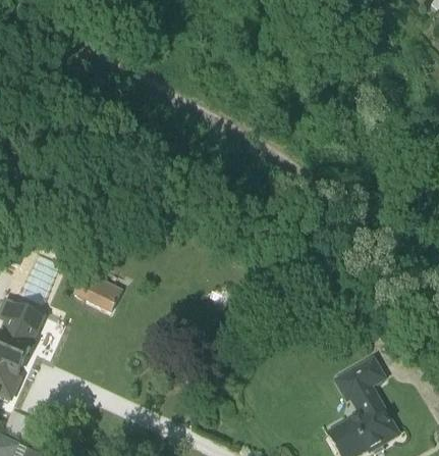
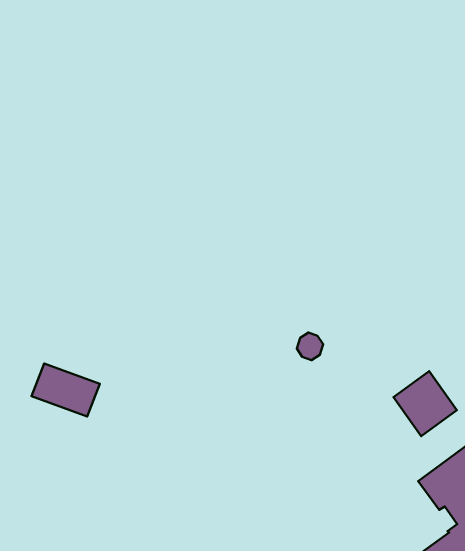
building: none -> [394,371,457,436]

